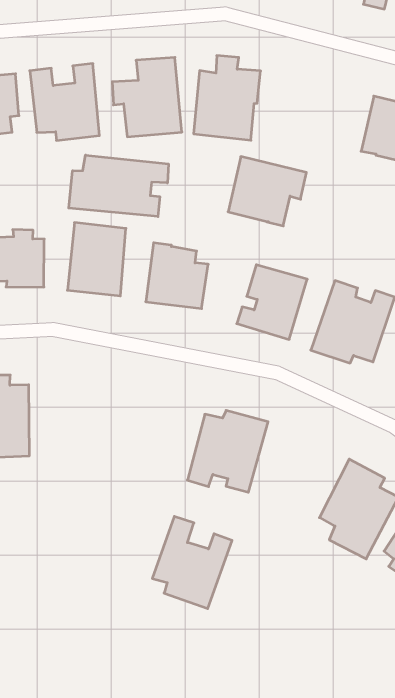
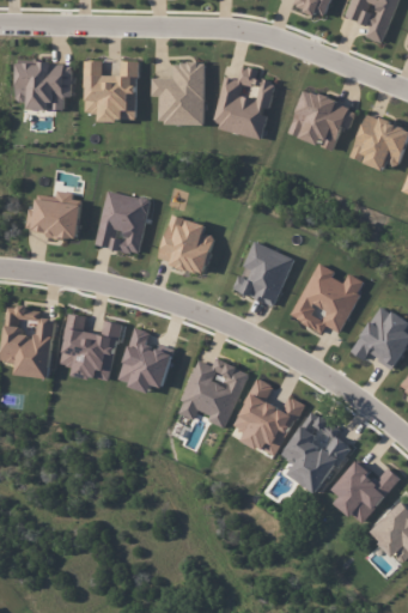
building: [69,155,168,217] -> none
building: [228,157,306,226] -> [288,90,357,151]
building: none -> [59,314,121,382]
building: none -> [118,328,175,392]
building: [152,516,232,609] -> [233,378,303,457]

